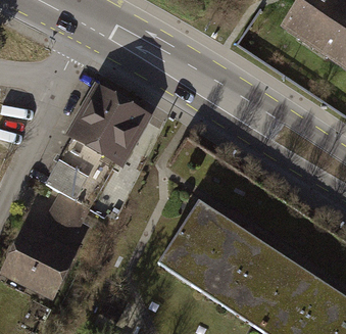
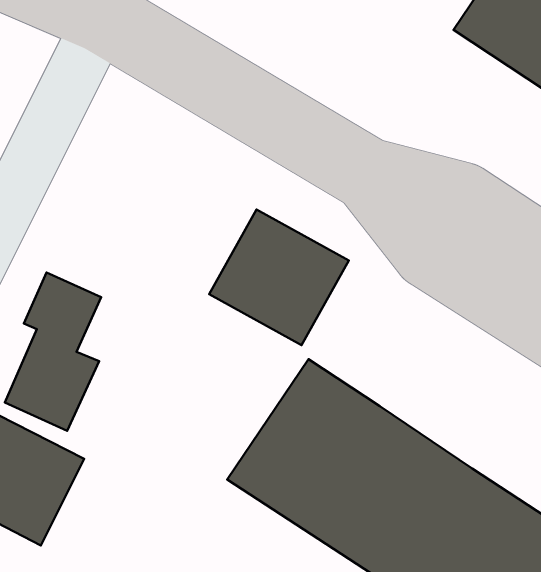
building: [67,85,143,158] -> [209,210,349,345]

